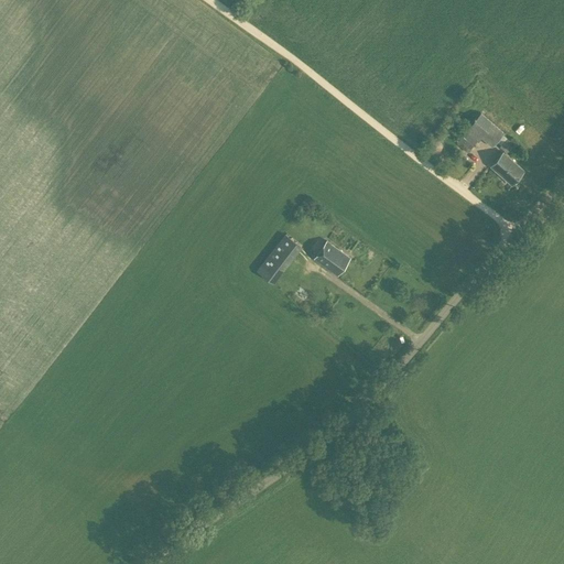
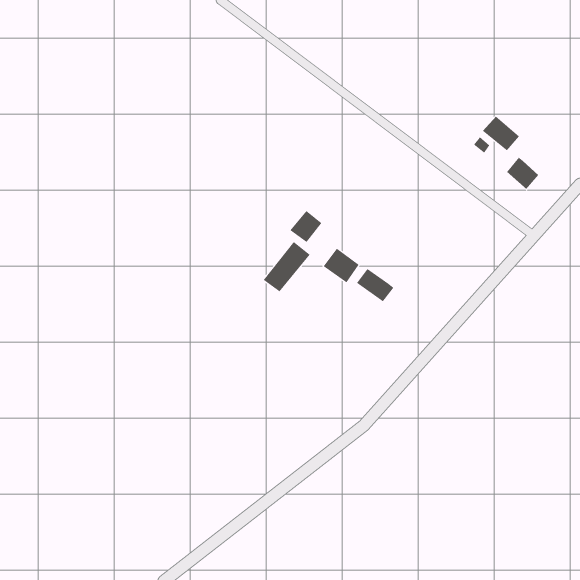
building: none -> [290,210,322,243]
building: none -> [356,268,394,302]

